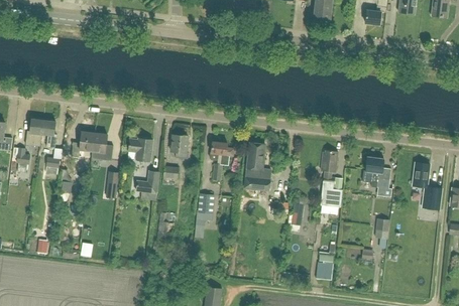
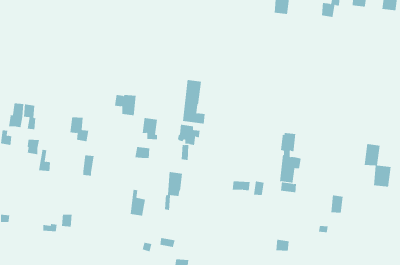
building: [71,131,94,157] -> none
building: [128,138,152,161] -> [114,95,136,116]
building: [244,142,269,190] -> [182,79,205,124]
building: [362,156,390,187] -> none
building: [136,170,159,200] -> none

